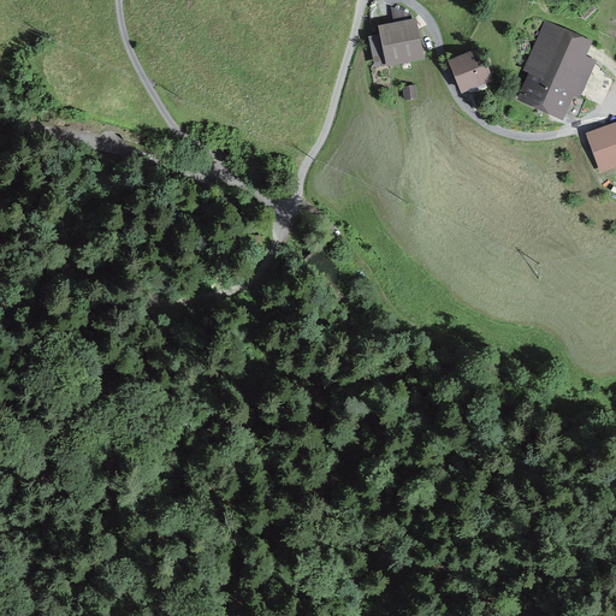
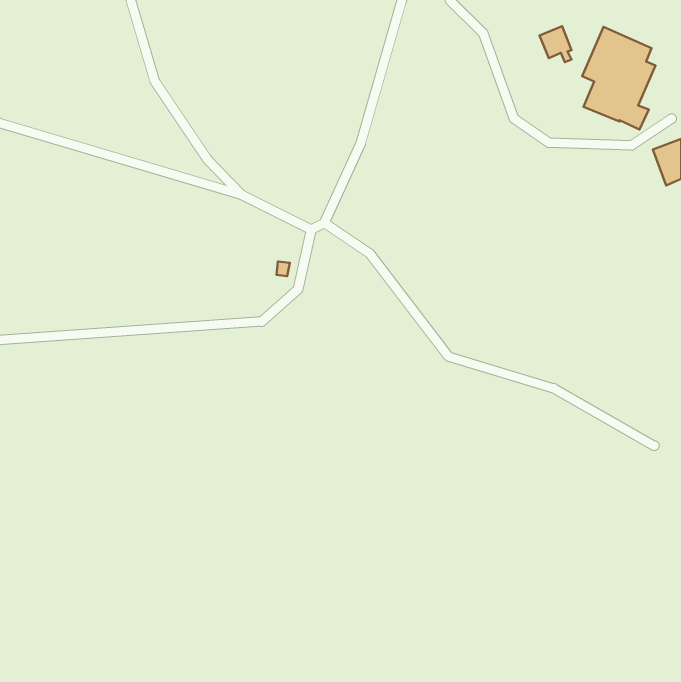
building: [371,24,416,61] -> none
building: [456,55,485,88] -> [540,26,572,62]

